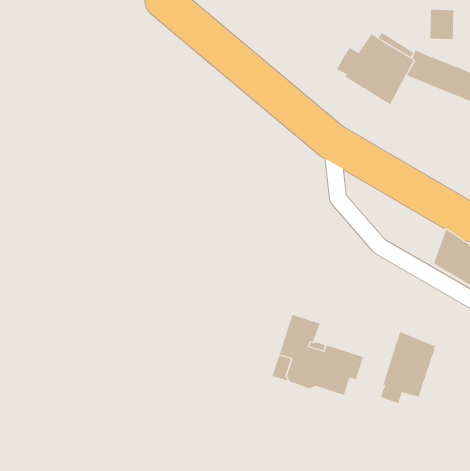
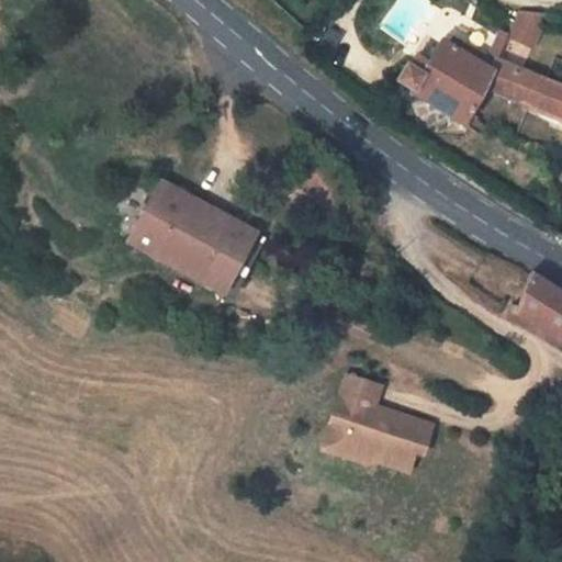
building: none -> [128,179,259,294]
building: [380,331,435,404] -> none

